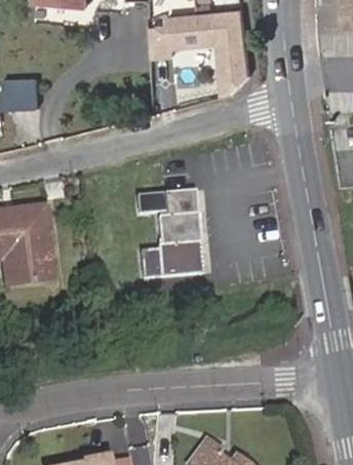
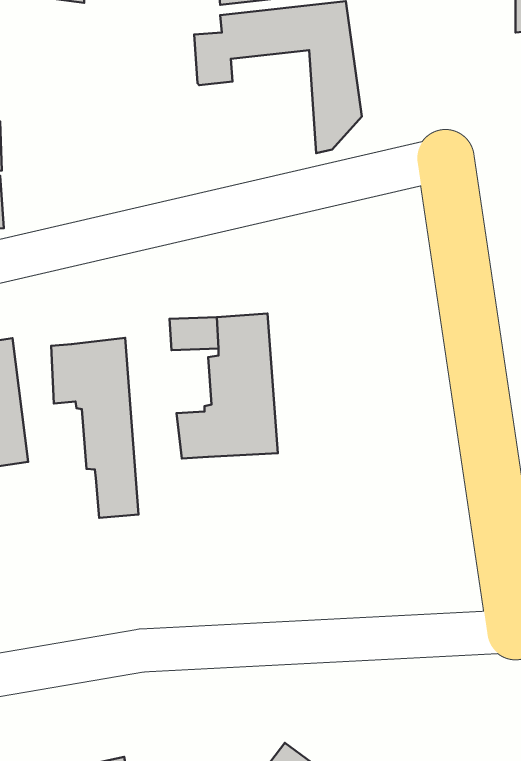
building: none -> [51,338,138,518]

